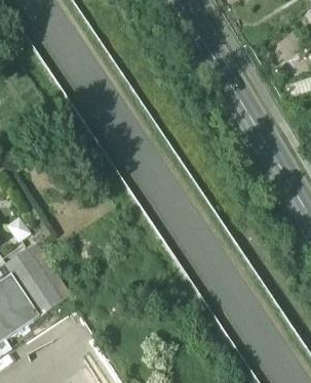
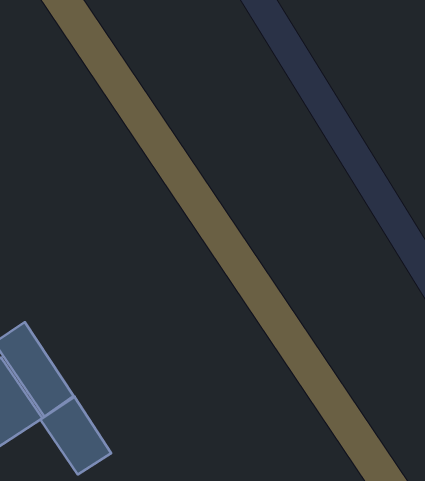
building: none -> [41,397,111,474]

